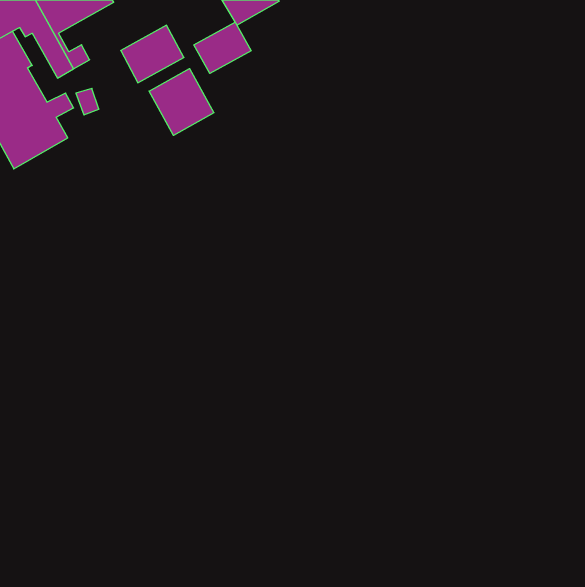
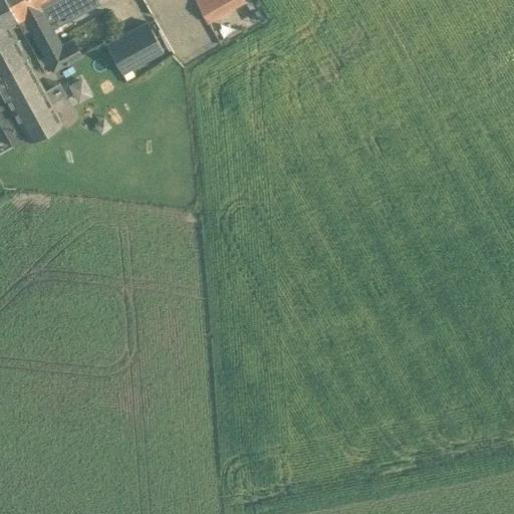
building: [194,22,251,73] -> none
building: [149,69,214,135] -> none

